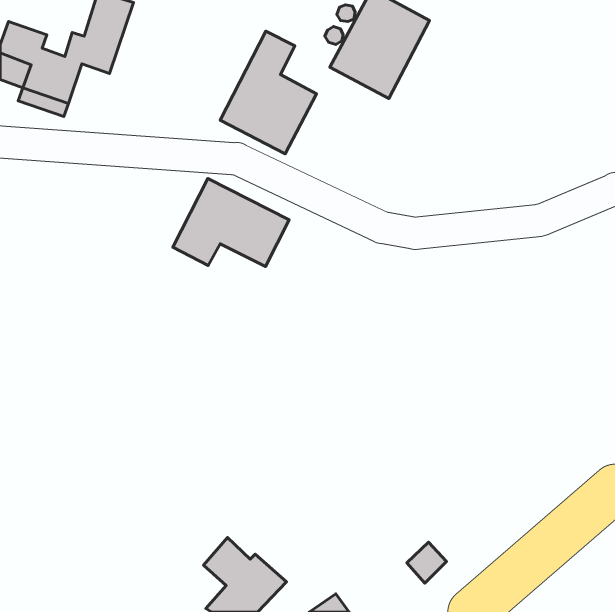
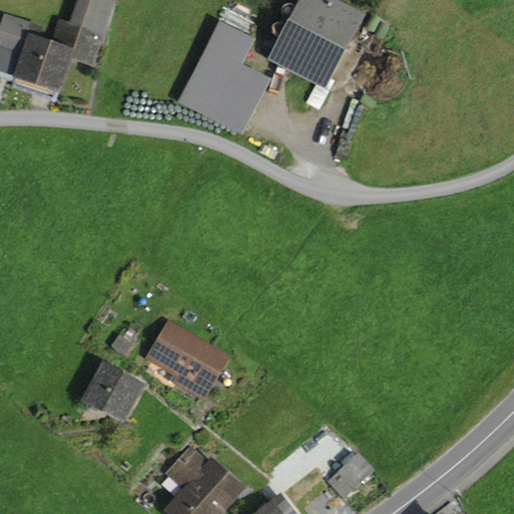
building: [173,178,289,266] -> none
building: none -> [153,327,223,394]
building: none -> [91,367,137,414]

